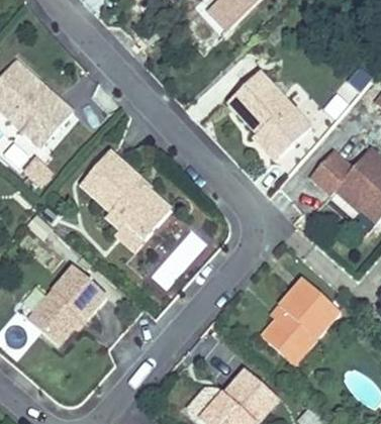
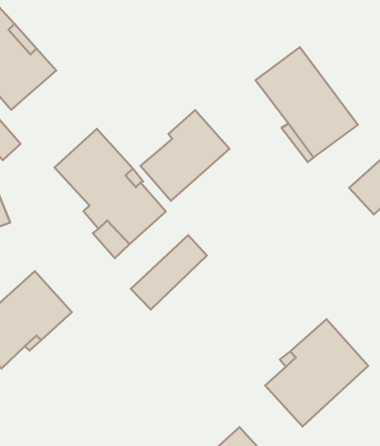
building: none -> [141,110,229,201]

